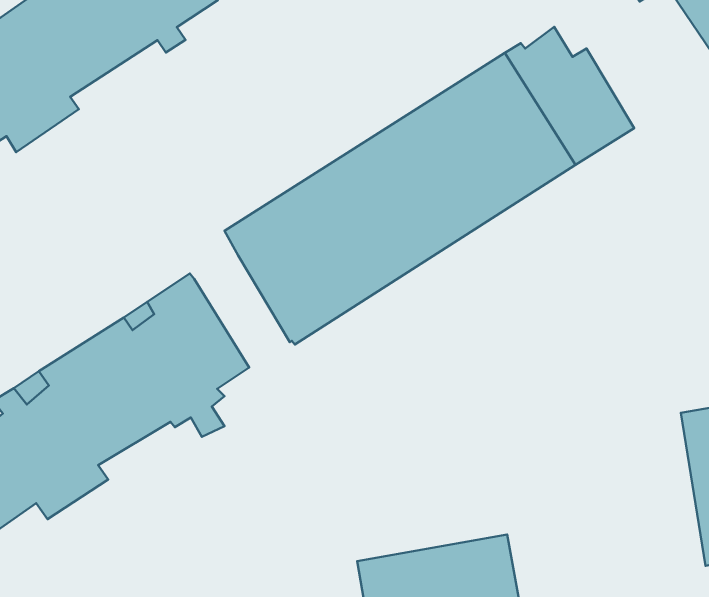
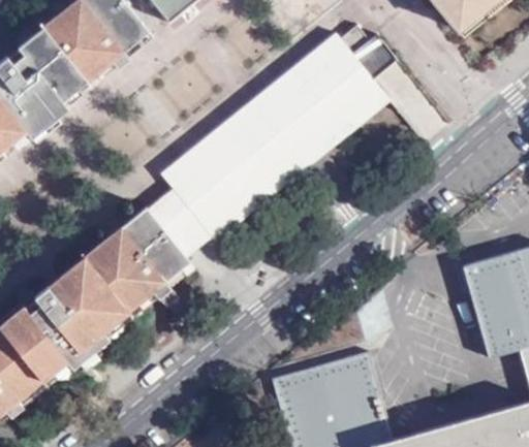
building: none -> [150,192,214,261]

